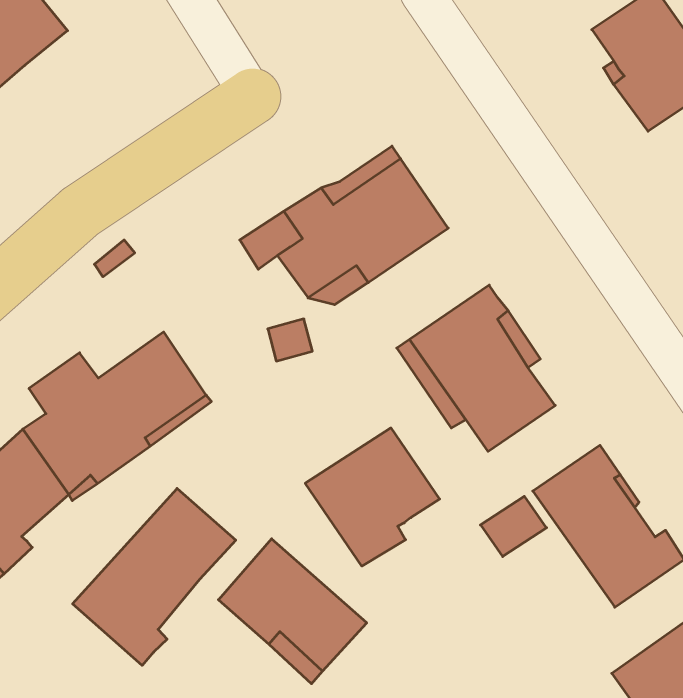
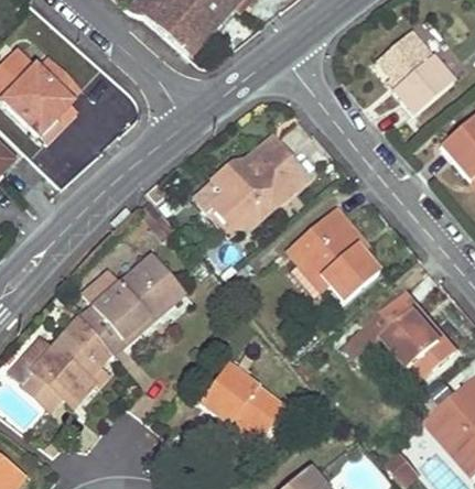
building: [305,428,440,566] -> none
building: [73,488,236,665] -> none

